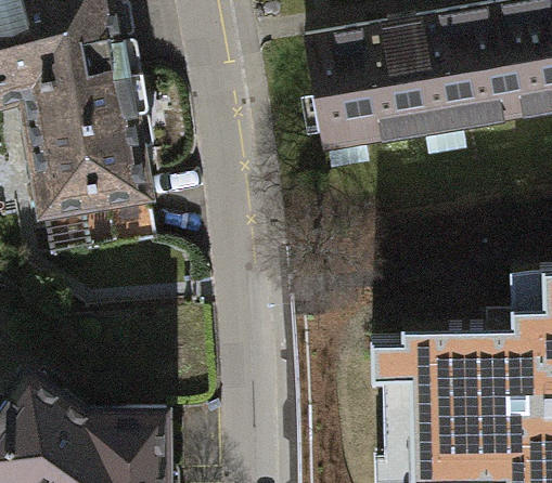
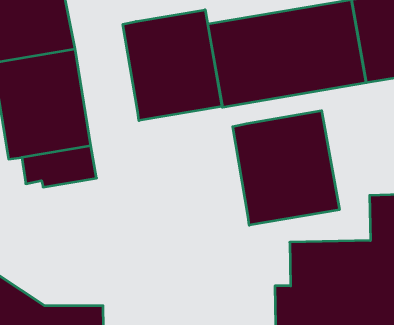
building: none -> [123,10,222,121]
building: none -> [233,111,339,225]

